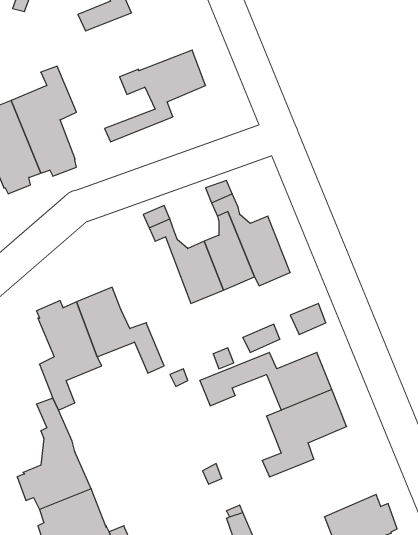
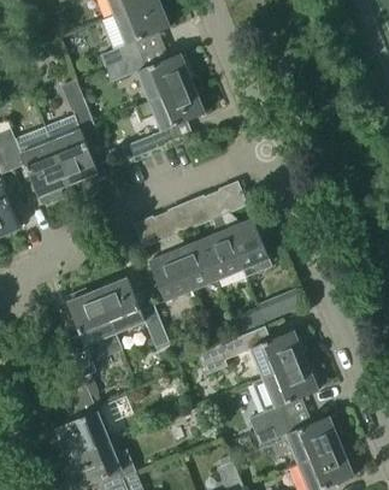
building: none -> [105,54,191,101]
building: none -> [148,236,190,301]
building: none -> [254,414,342,464]

